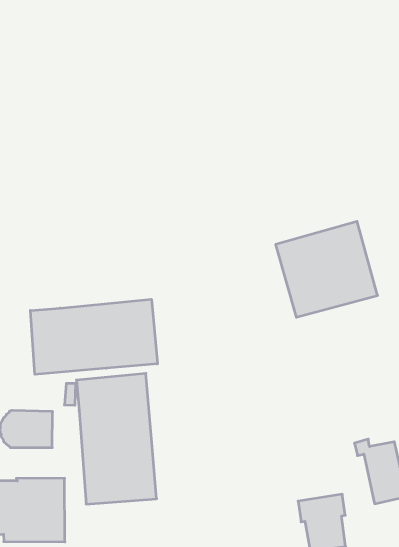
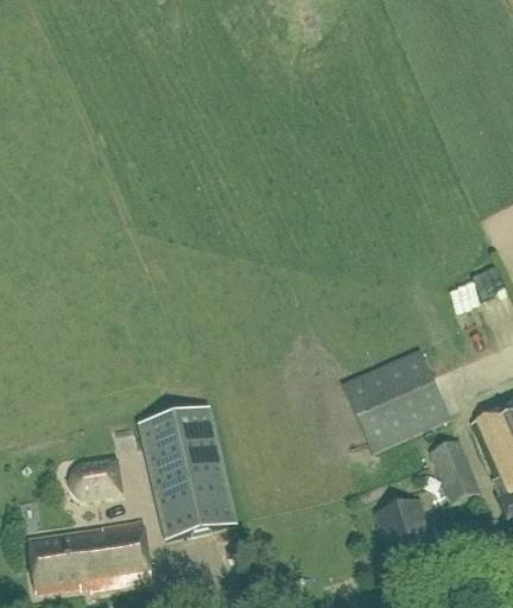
building: [276,221,378,317] -> [344,347,452,450]
building: [30,299,157,374] -> none

